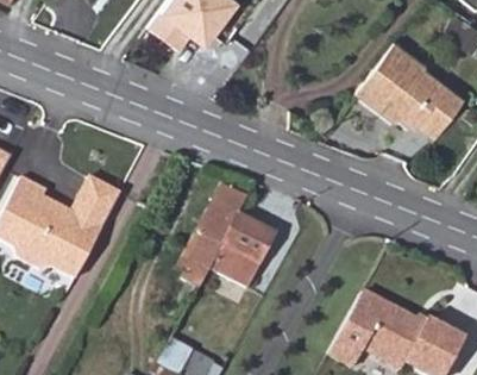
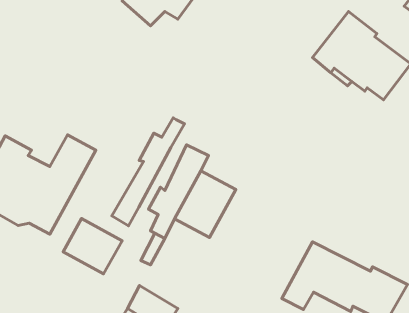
building: none -> [112,118,184,226]
building: none -> [63,219,122,274]

